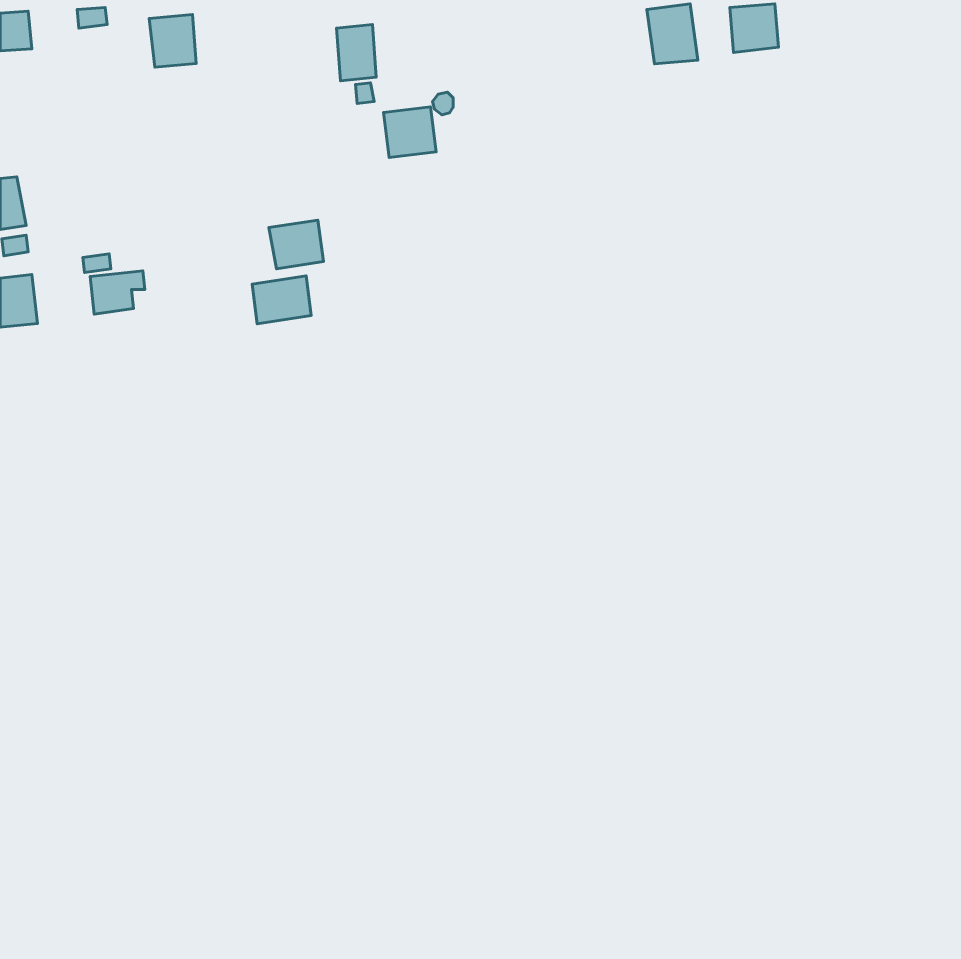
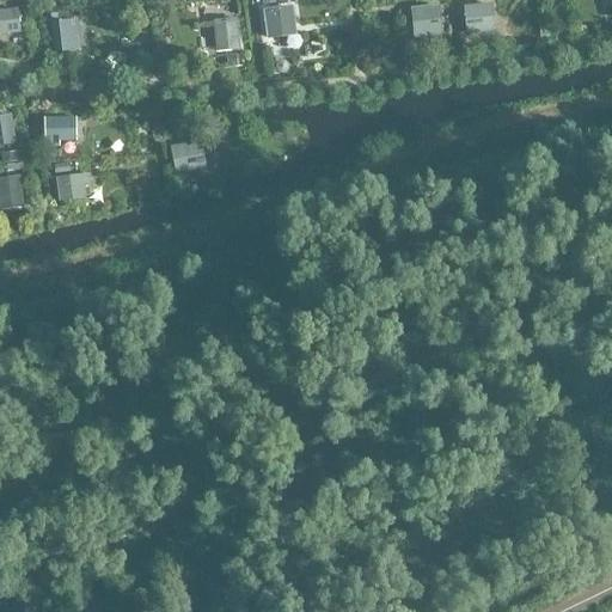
building: [149,15,196,67] -> [50,18,80,51]
building: [384,107,436,158] -> [263,5,296,37]
building: none -> [43,116,76,147]
building: [252,276,311,324] -> none

